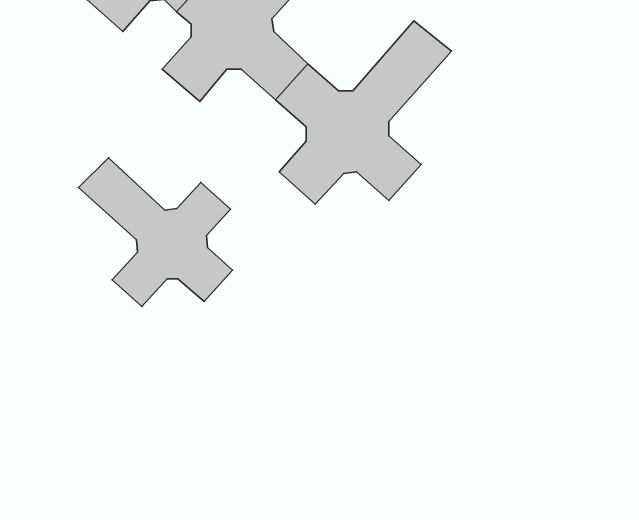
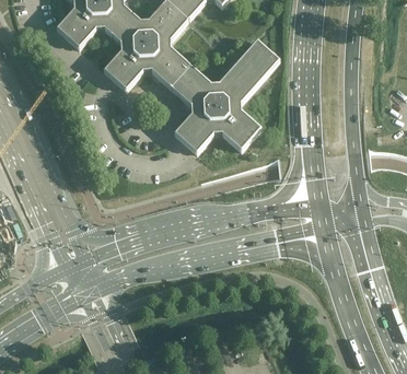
building: [79,158,232,307] -> none

